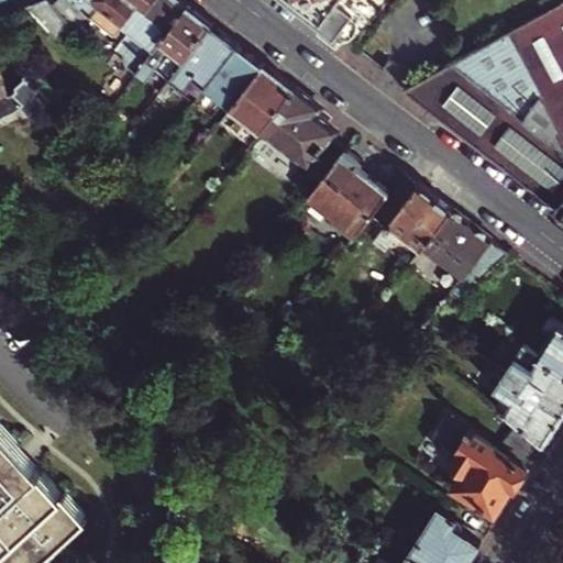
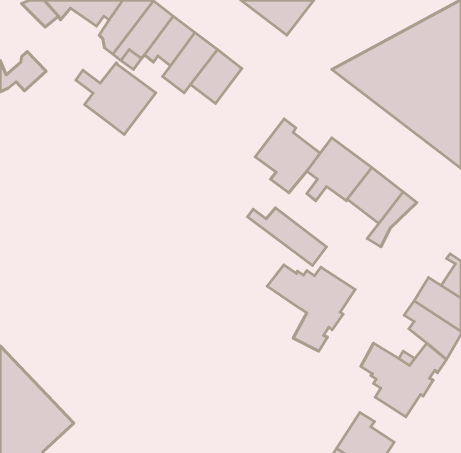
building: none -> [76,63,156,134]
building: [263,92,346,200] -> none
building: none -> [248,208,326,265]
building: none -> [267,265,355,351]

